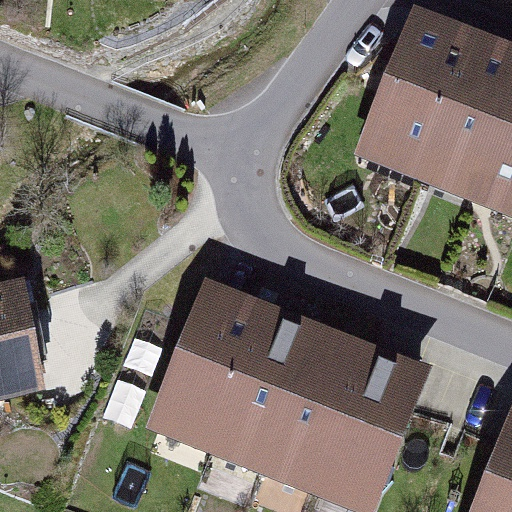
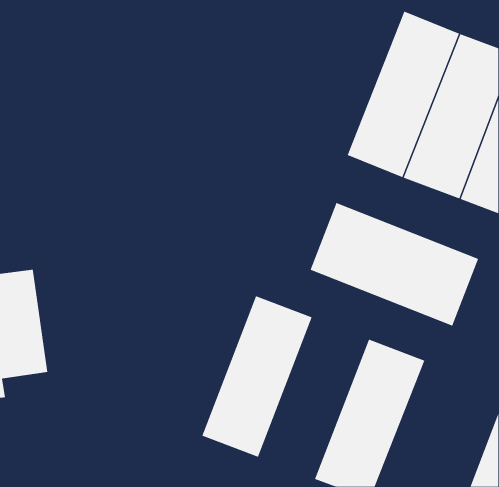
building: none -> [310,202,479,327]
building: [148,279,260,444] -> none
building: [263,323,375,488] -> none

